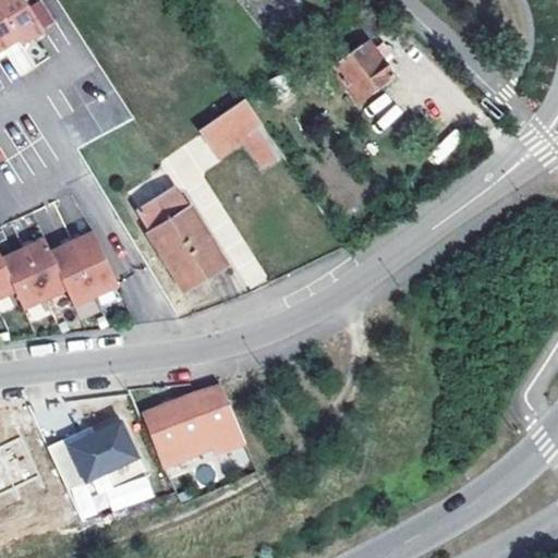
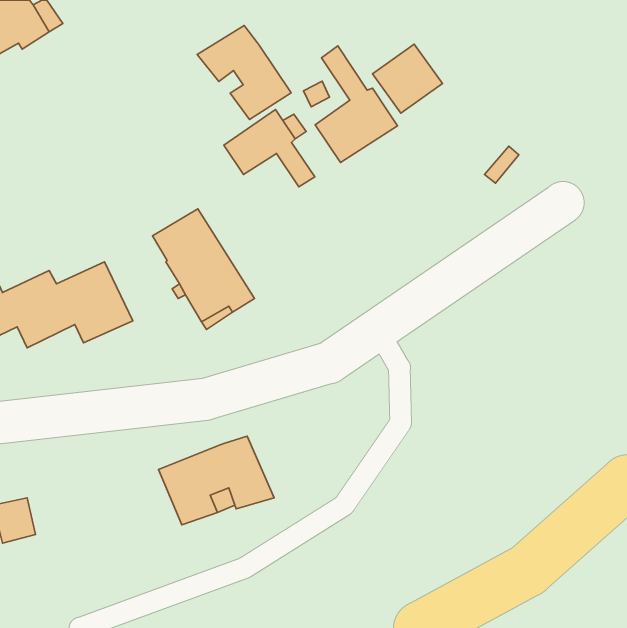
building: none -> [197,26,291,120]
building: none -> [315,46,398,162]
building: [49,416,151,523] -> none

